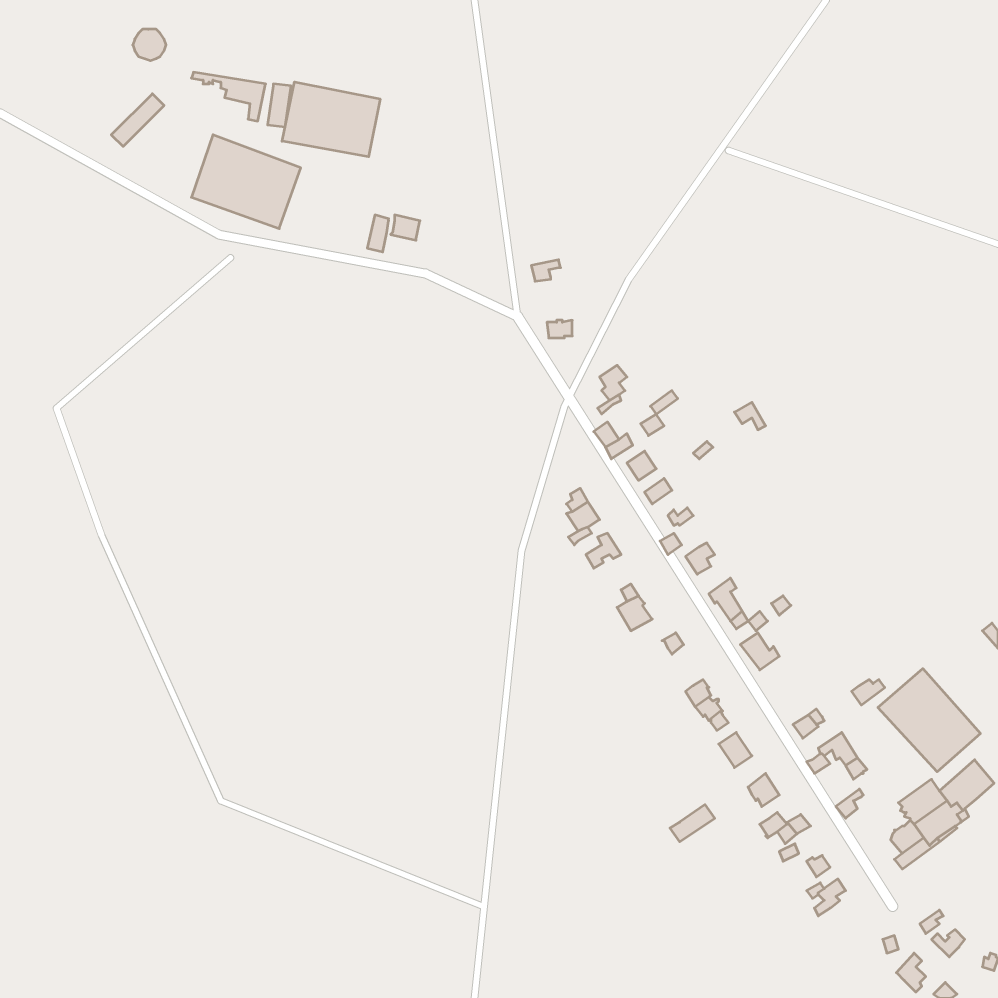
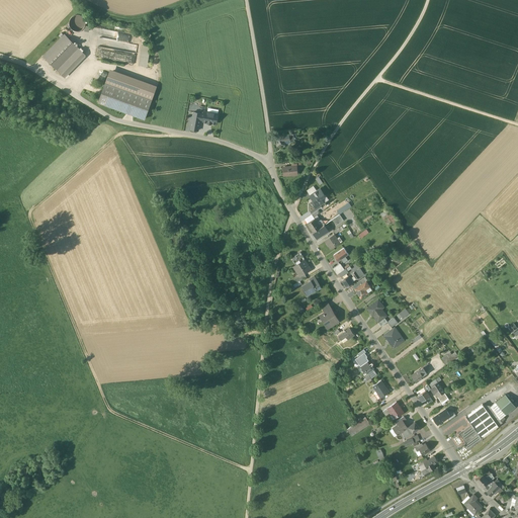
building: none -> [44,34,79,70]
building: [282,82,380,157] -> none
building: [878,669,980,772] -> none

